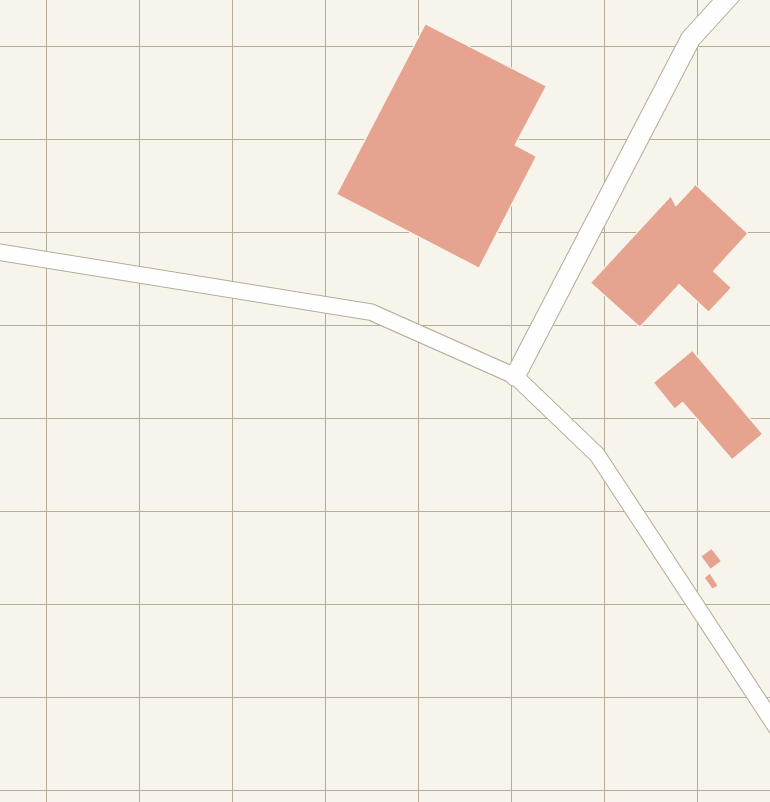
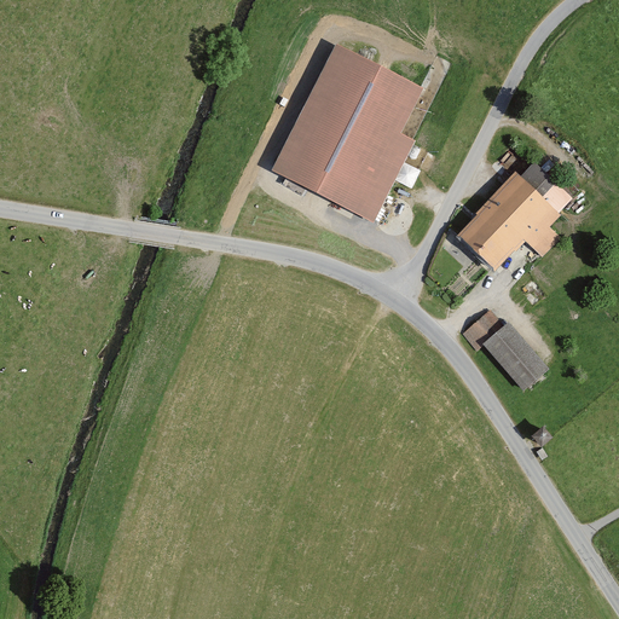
building: [653,350,763,460] -> [464,310,545,391]

